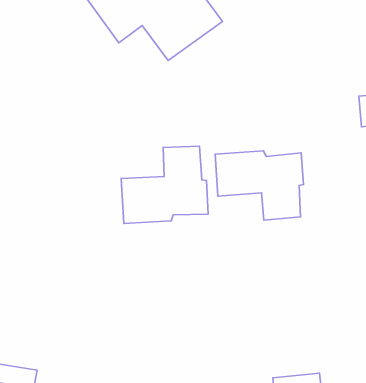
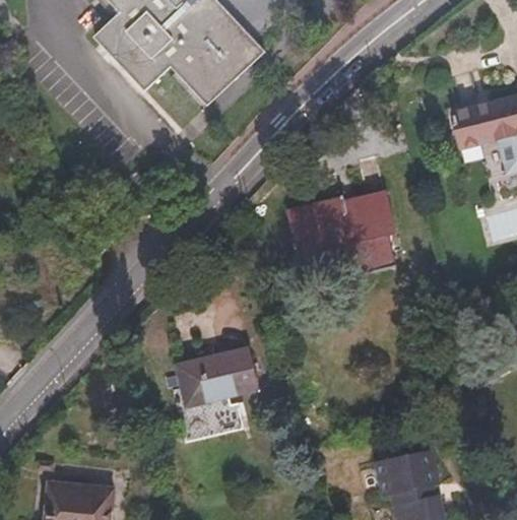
building: [121,146,208,223] -> none
building: none -> [175,355,249,422]

